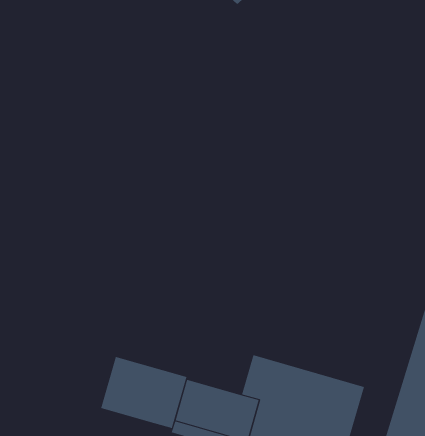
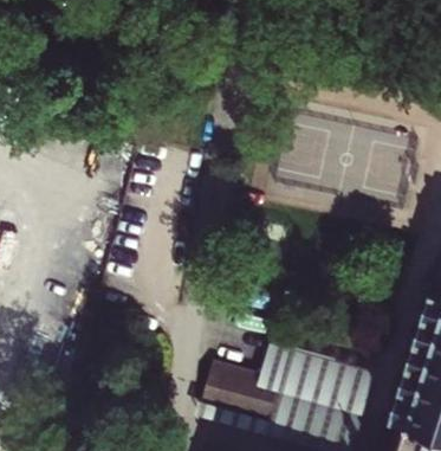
building: [100,356,187,429] -> none

